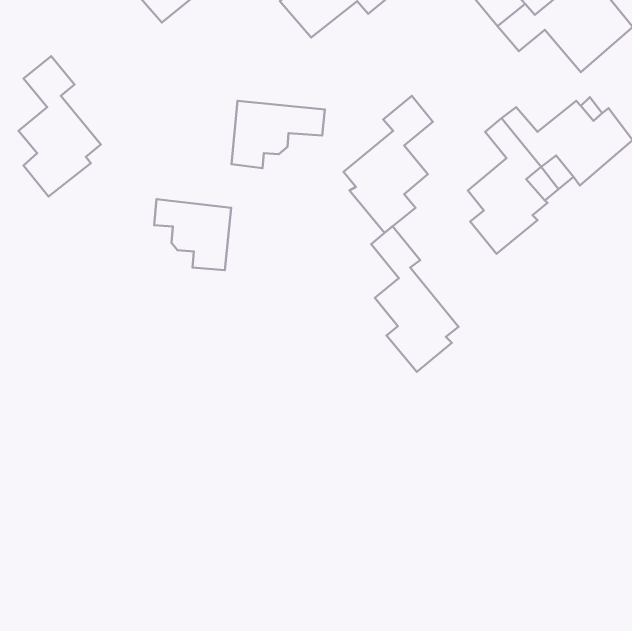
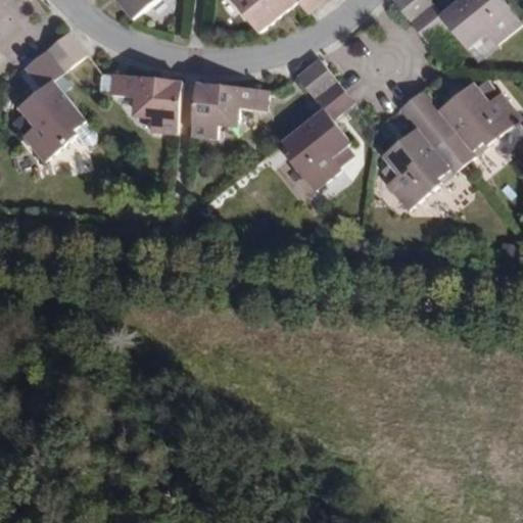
building: none -> [42,29,83,69]
building: none -> [296,56,338,98]
building: [154,199,231,270] -> [117,75,181,133]
building: [371,226,458,372] -> none

